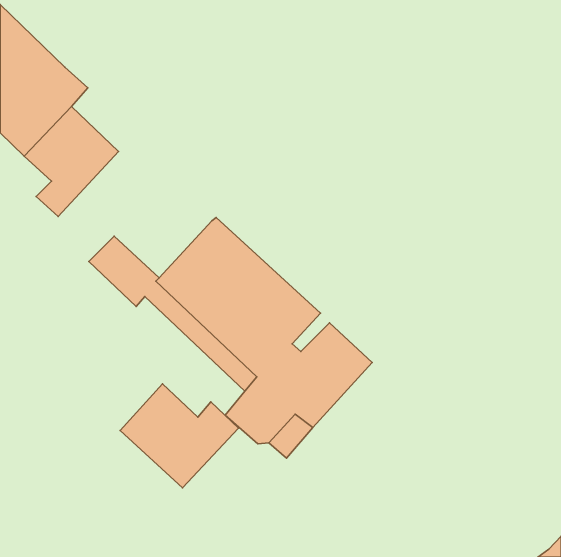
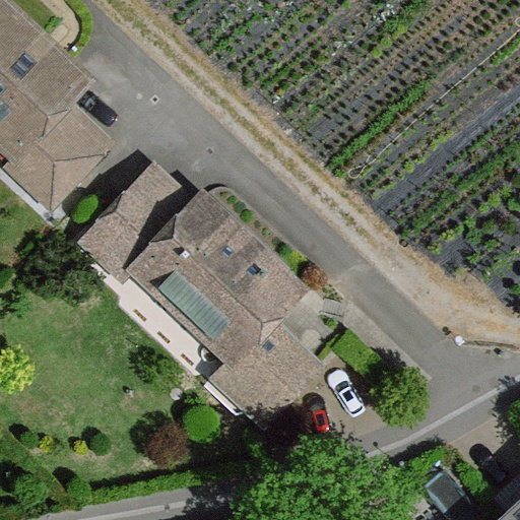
building: none -> [106,166,196,257]
building: [120,384,239,488] -> none

